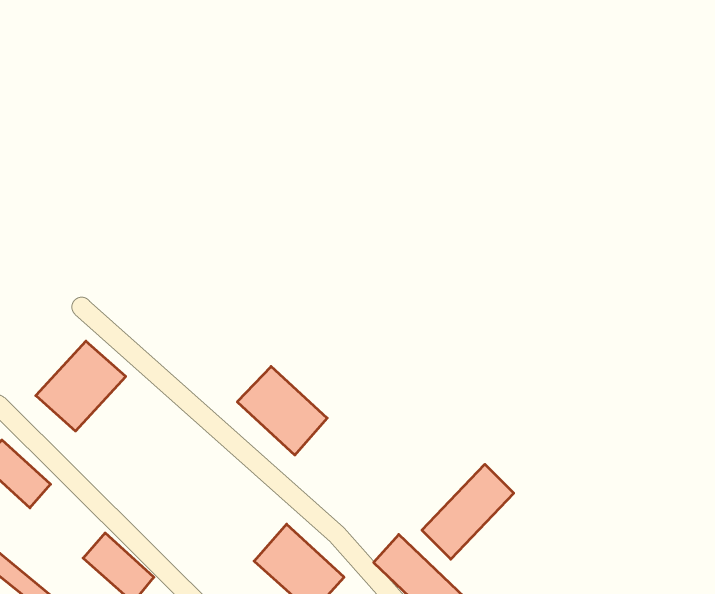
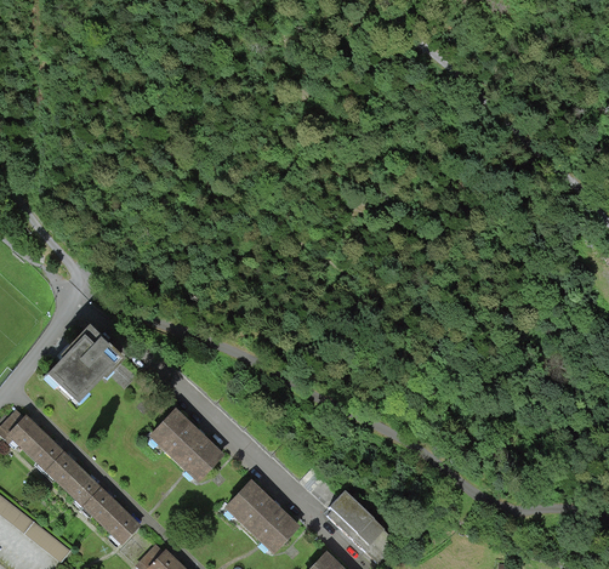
building: [237,366,327,455] -> [150,409,224,482]
building: [422,464,514,559] -> none
building: none -> [46,453,98,502]

